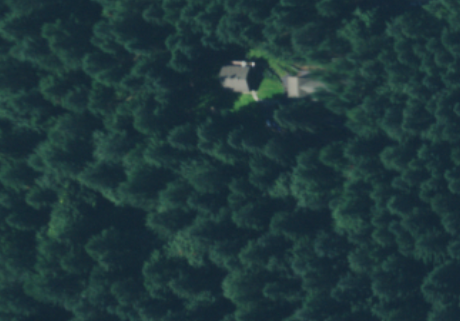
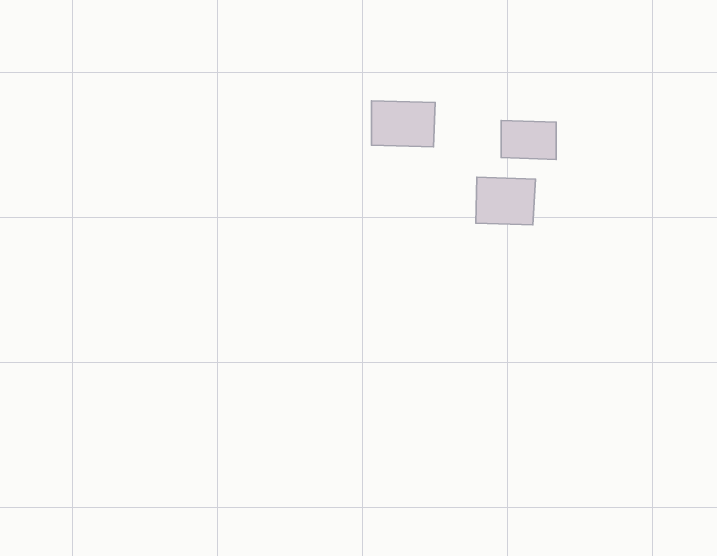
building: none -> [476,177,535,225]

